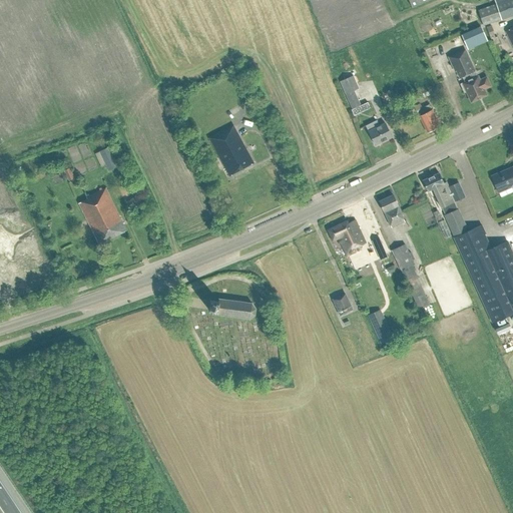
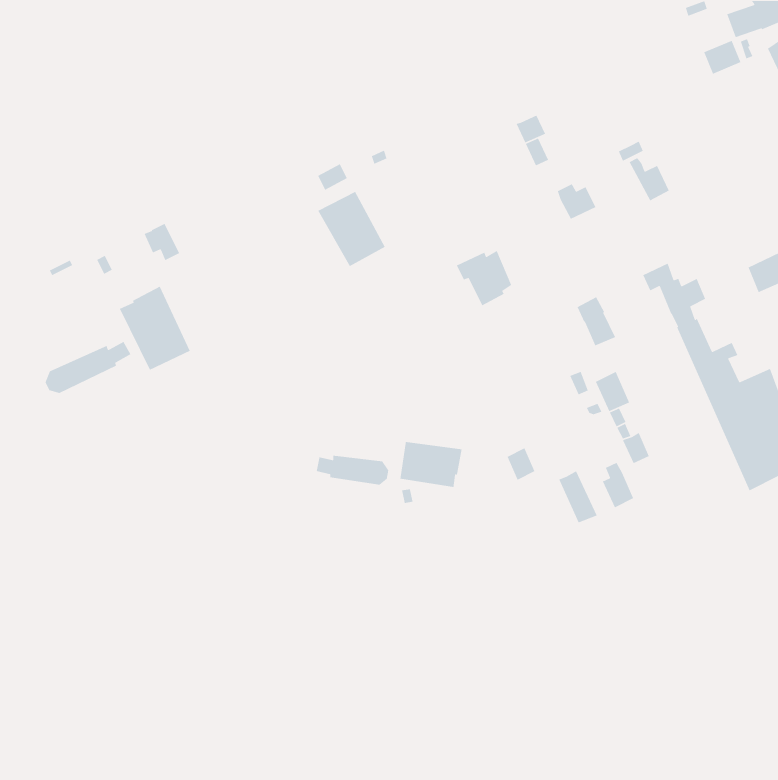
building: [450,51,491,101] -> none
building: [329,219,366,256] -> [456,250,512,306]
building: none -> [45,341,132,394]
building: none -> [399,441,462,488]
building: none -> [602,462,634,509]

